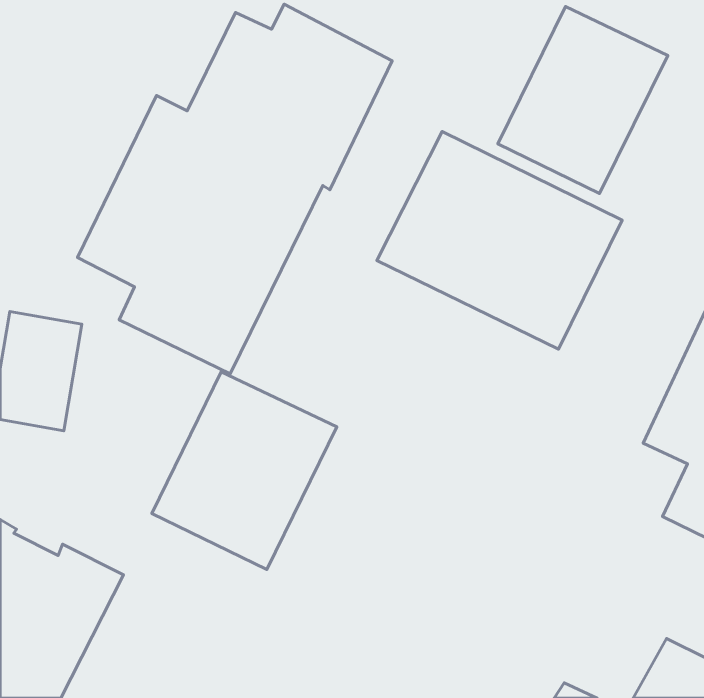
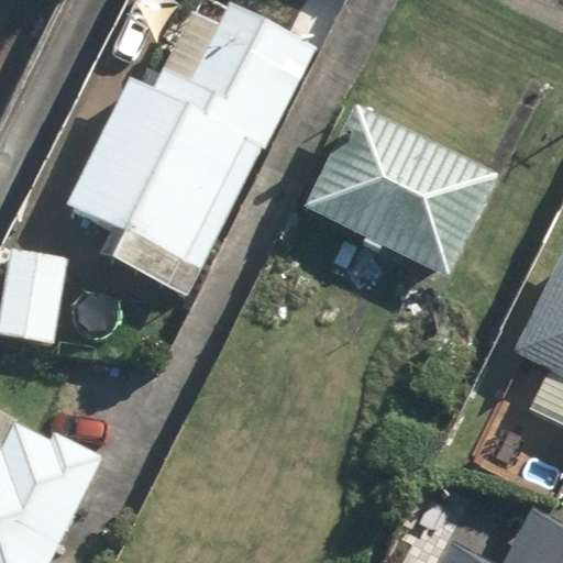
building: [498,7,668,194] -> none
building: [152,372,337,569] -> none

